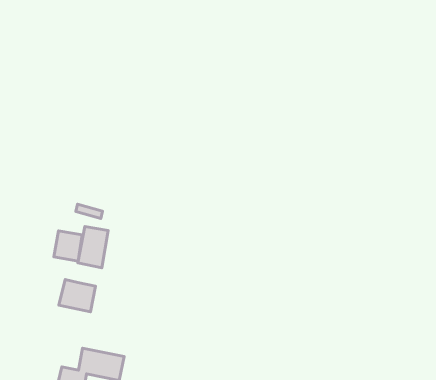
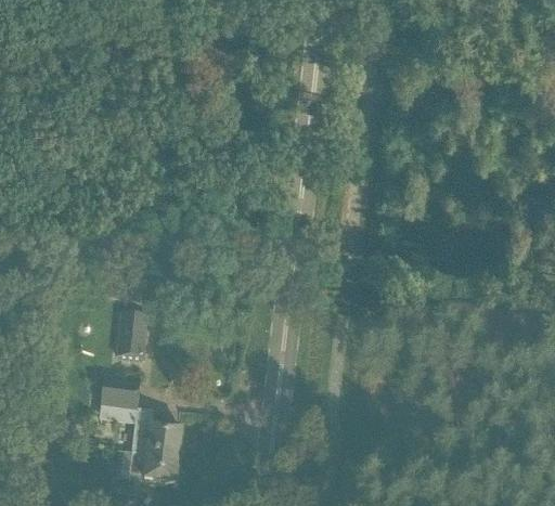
building: [54,231,82,261] -> none
building: none -> [131,410,182,457]

